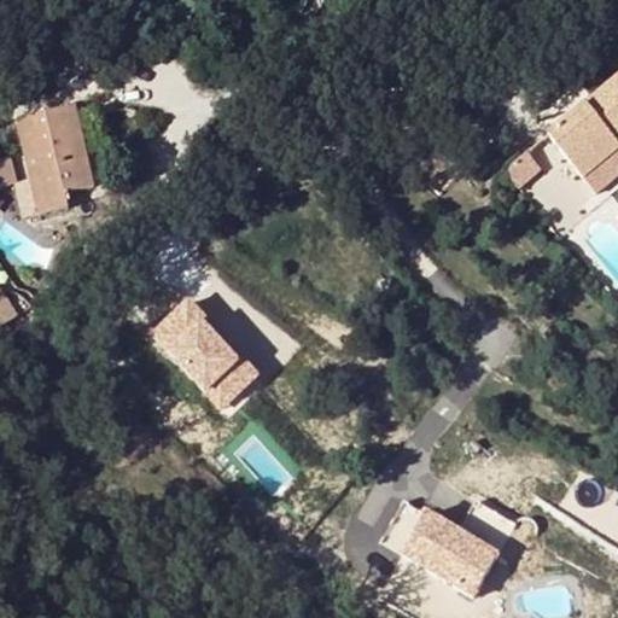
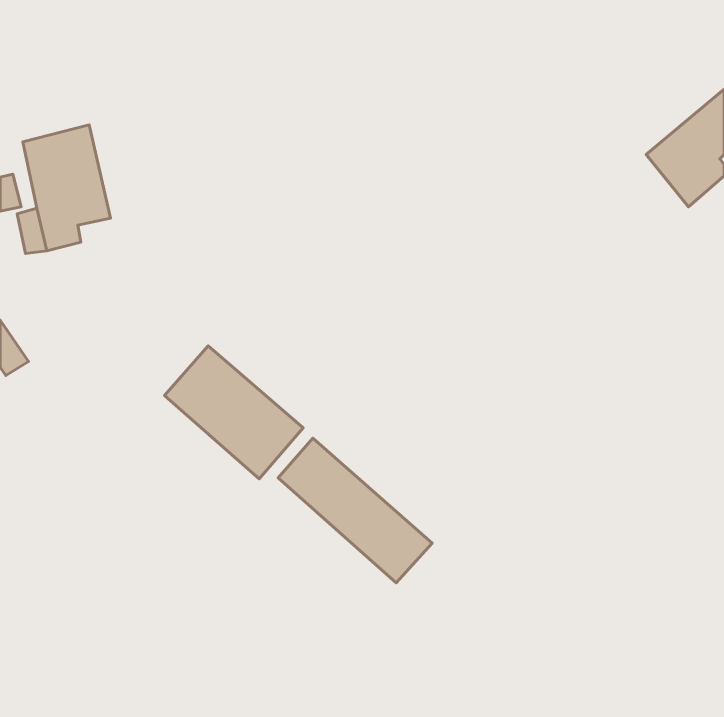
building: none -> [278,438,432,583]
building: [381,496,513,595] -> none

